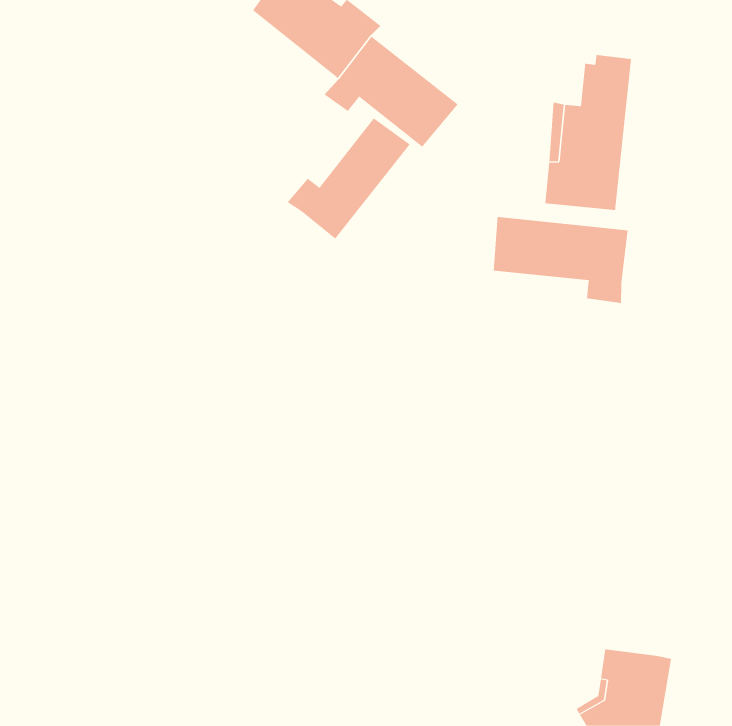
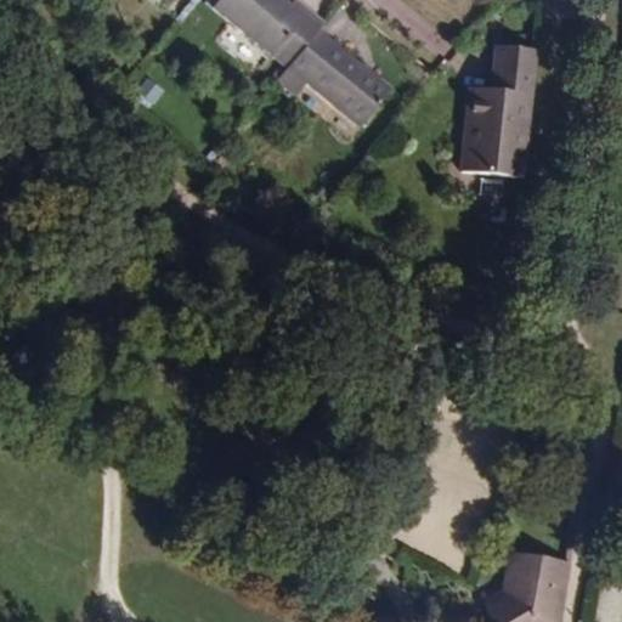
building: [287,117,410,240] -> none
building: [493,216,628,304] -> none

